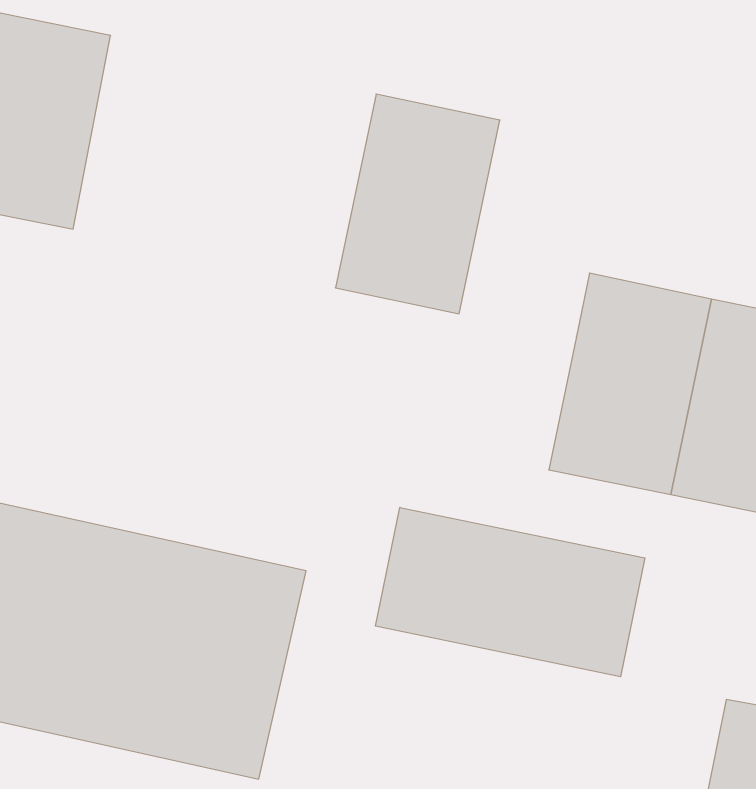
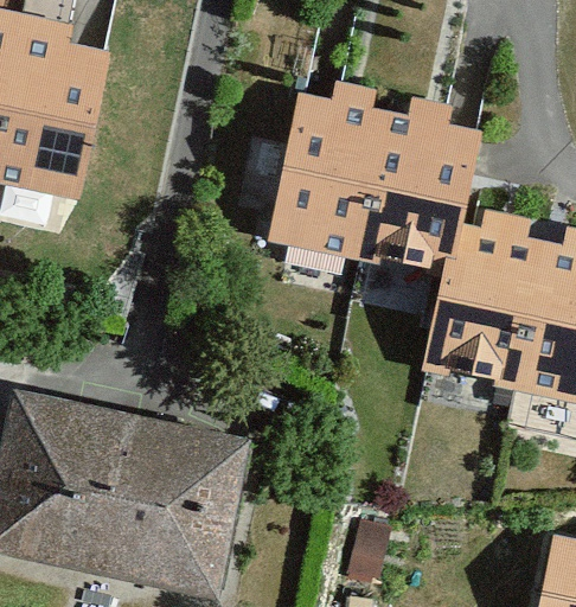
building: none -> [359,111,474,269]
building: [375,507,645,677] -> none

